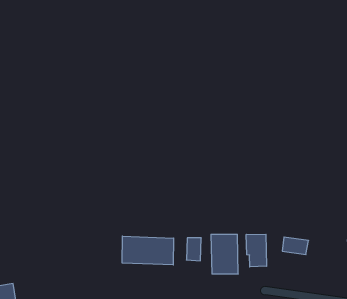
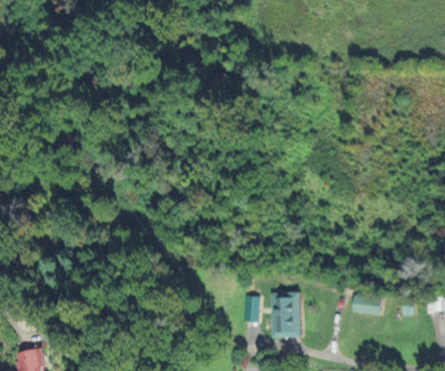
building: [246,234,267,267] -> none
building: [122,236,174,265] -> none

